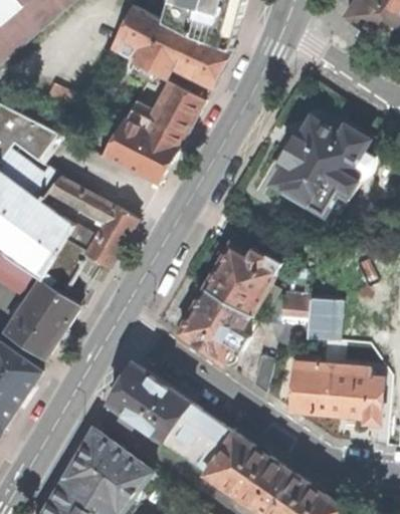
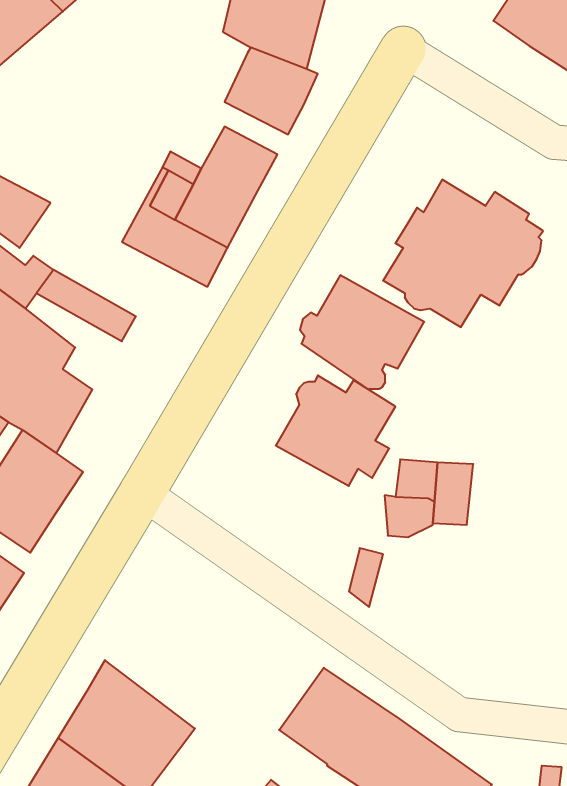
building: [111,6,184,76] -> none
building: [83,206,136,268] -> none
building: [176,289,256,363] -> [300,275,424,390]
building: [107,361,233,472] -> none
building: [288,362,380,423] -> none

